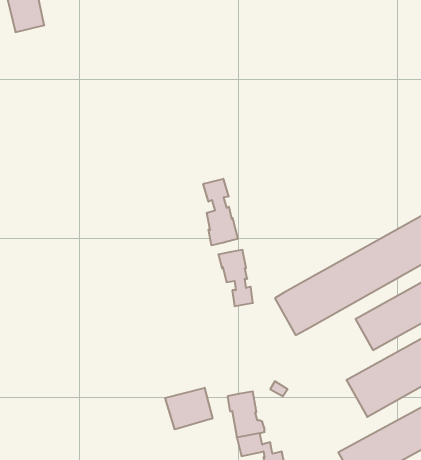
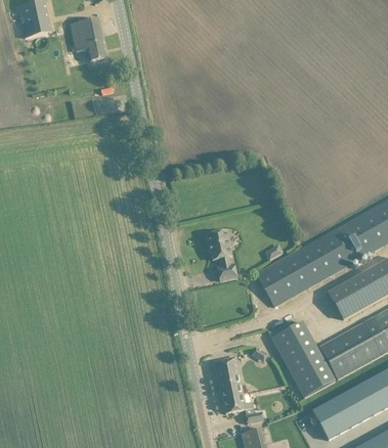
building: none -> [71,17,107,61]
building: [203,179,238,245] -> none
building: none -> [271,320,336,397]
building: [165,388,212,429] -> none

